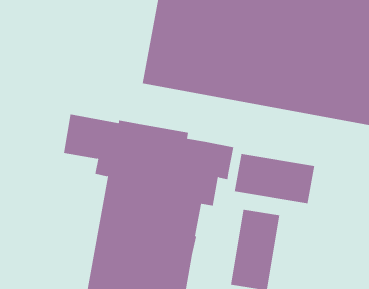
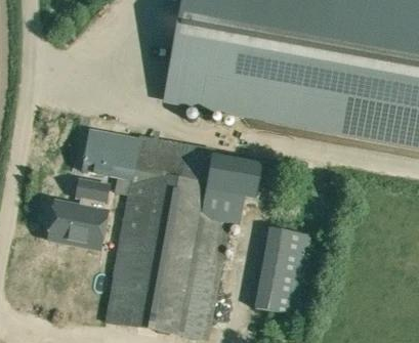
building: [234,153,315,204] -> none
building: none -> [41,180,100,249]

